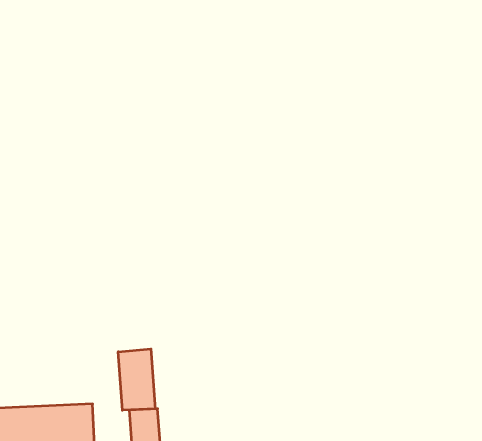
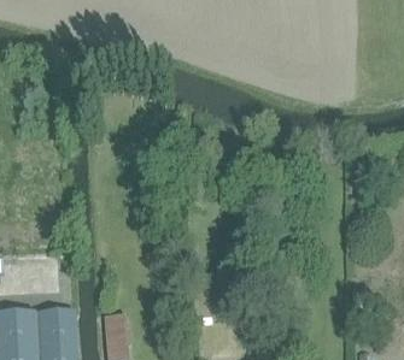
building: [118,349,155,410] -> none

